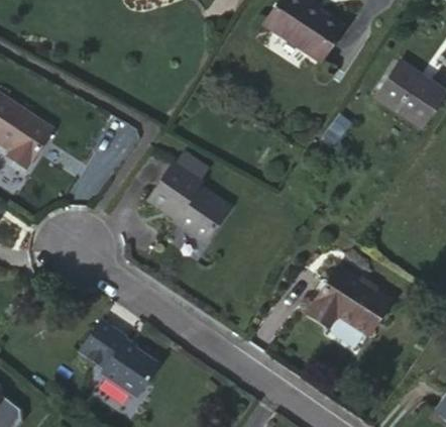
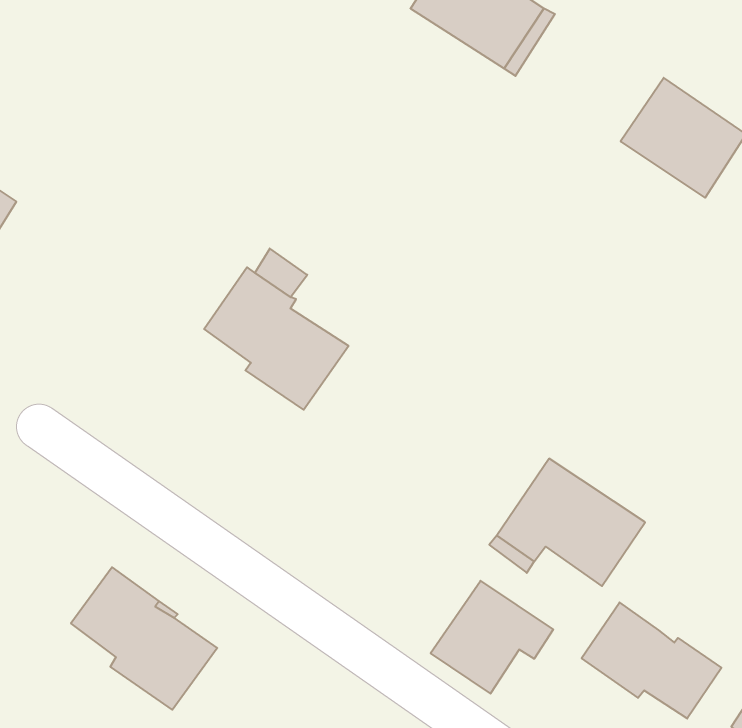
building: none -> [431,581,553,694]
building: none -> [582,602,721,719]

